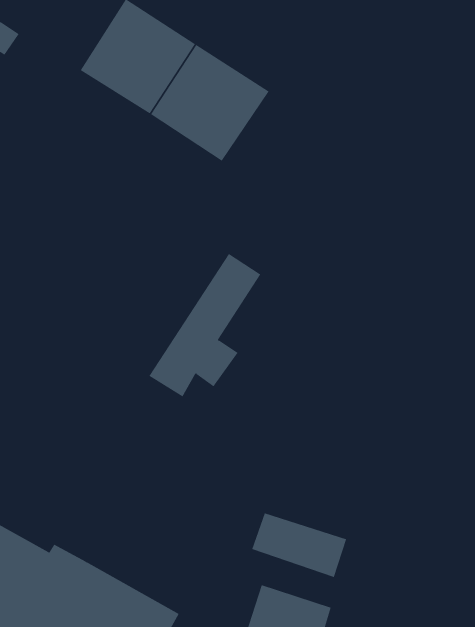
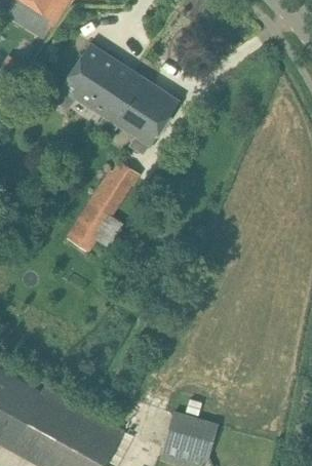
building: [149,253,261,397] -> [66,162,136,253]
building: [251,512,347,578] -> none

